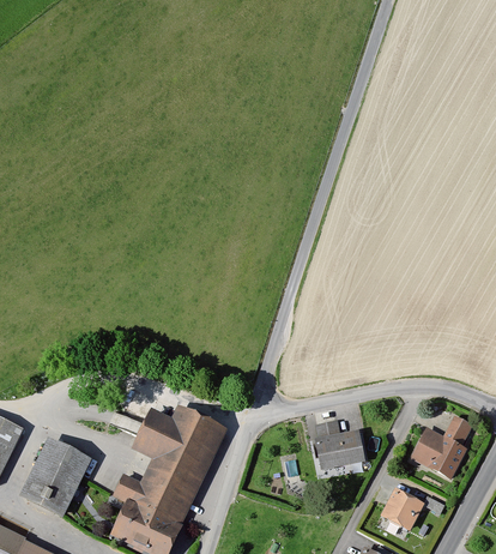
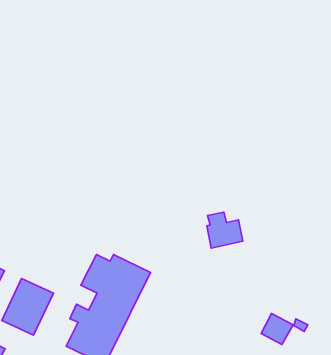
building: [411,415,472,480] -> none
building: [314,420,364,470] -> [207,212,243,248]

